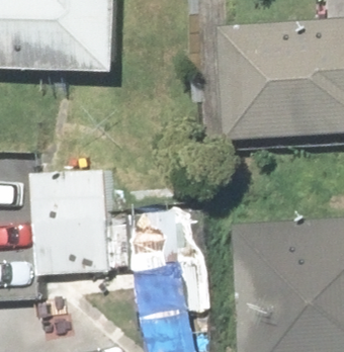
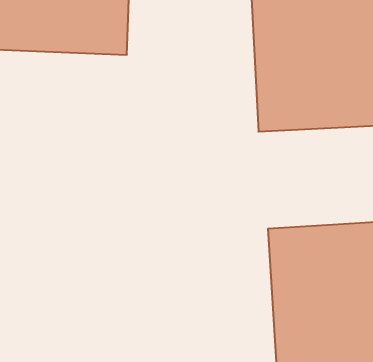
building: [28,167,109,274] -> none

